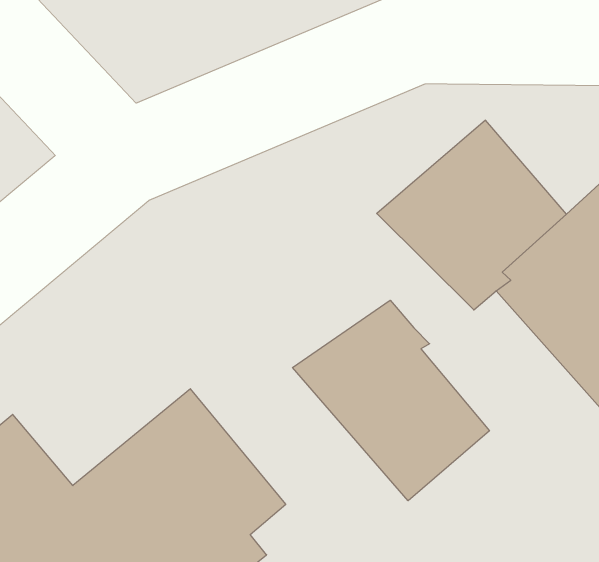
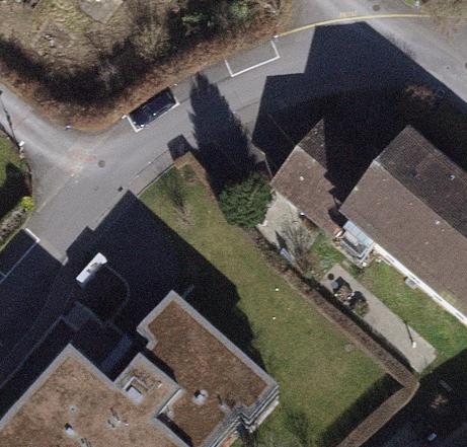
building: [293,300,489,501] -> none

